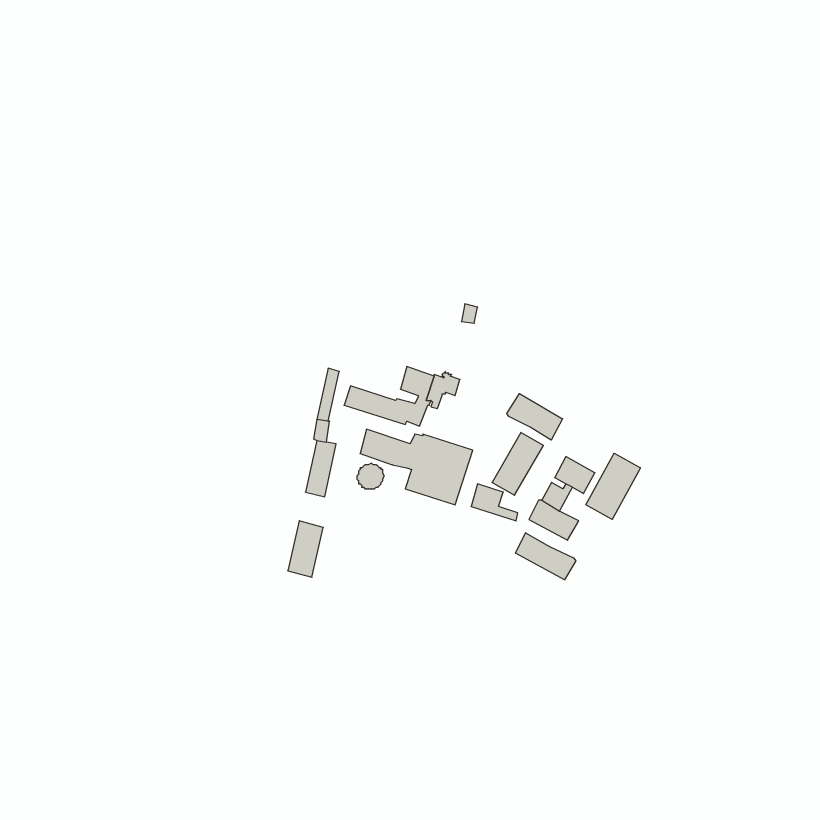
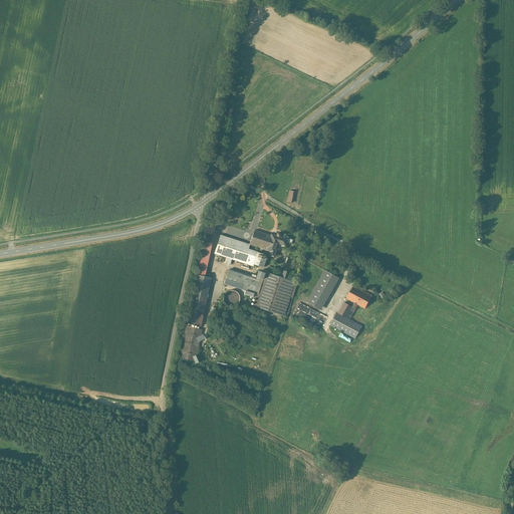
building: [507,394,563,440] -> none
building: [586,453,640,519] -> none
building: [516,533,576,580] -> none

